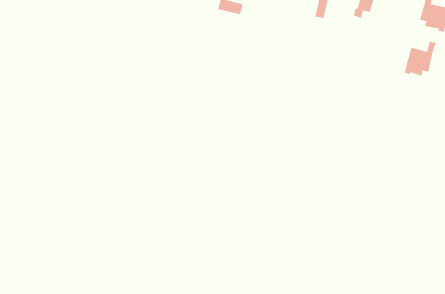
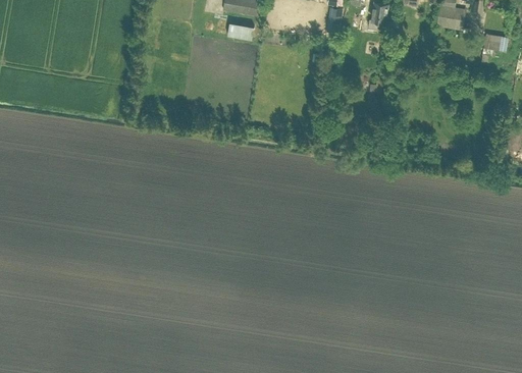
building: [404,41,436,77] -> none

